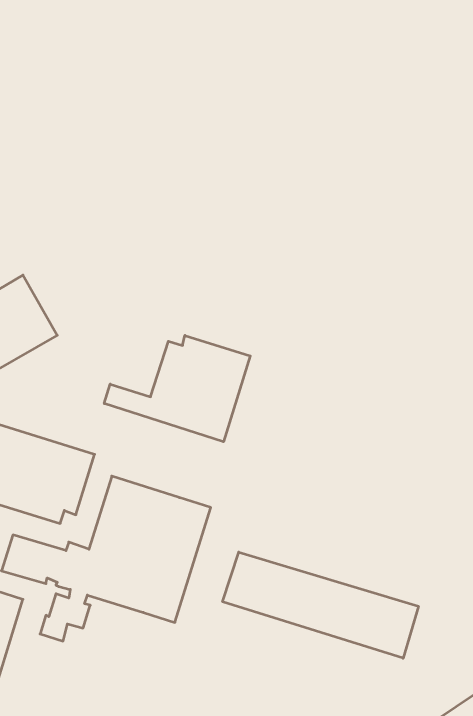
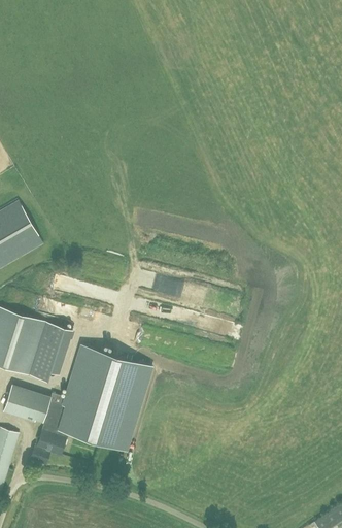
building: [104,335,250,442] -> none
building: [223,552,418,658] -> none

